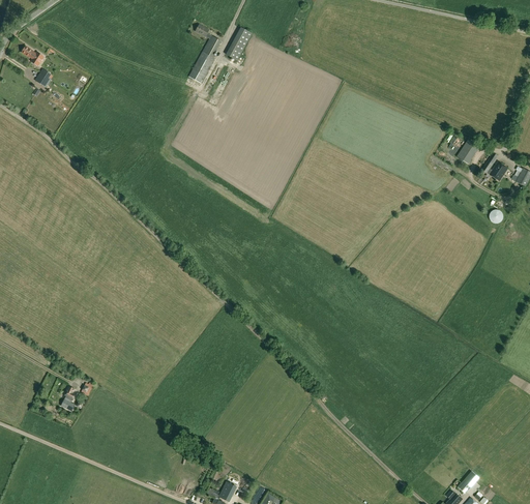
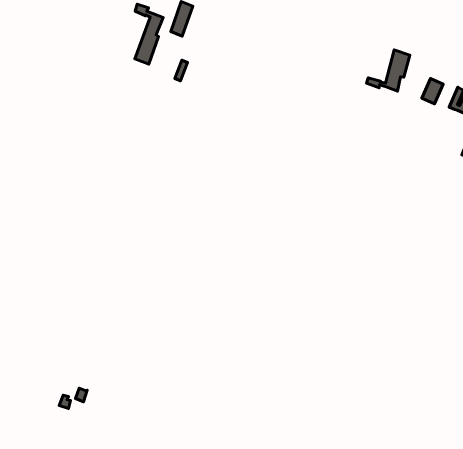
building: none -> [367,50,410,91]

